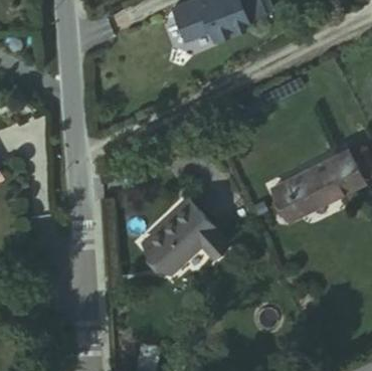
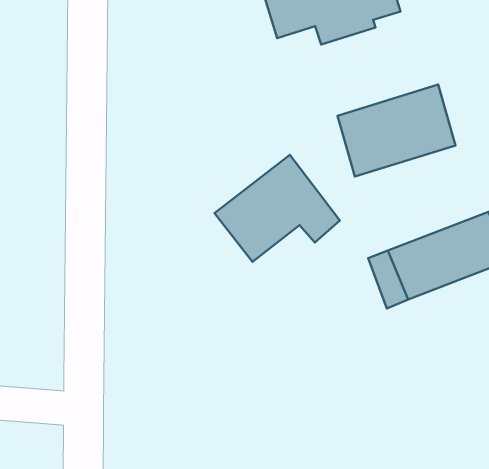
building: none -> [337,85,456,177]
building: [146,204,231,279] -> [215,155,340,262]

